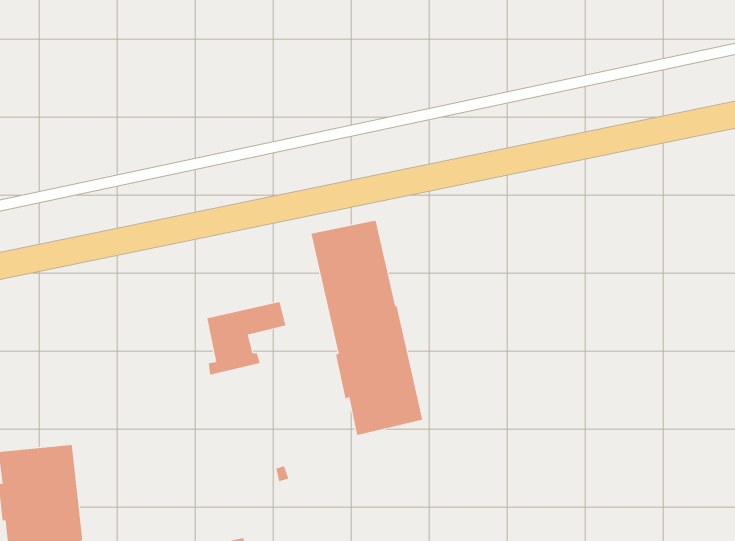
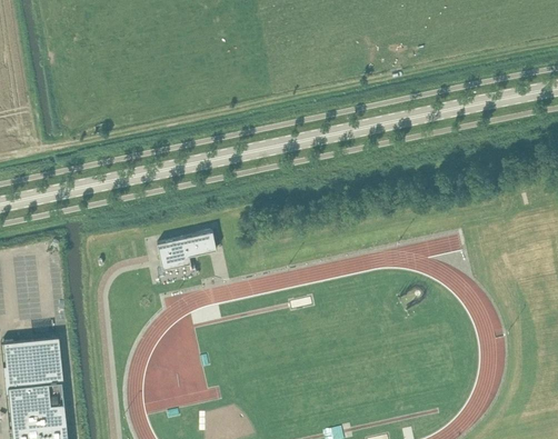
building: [311,220,423,436] -> none

